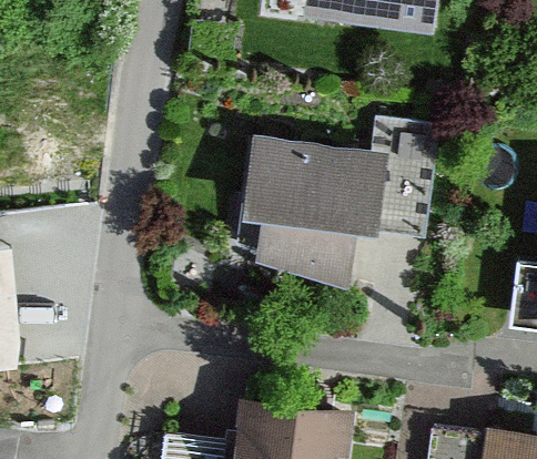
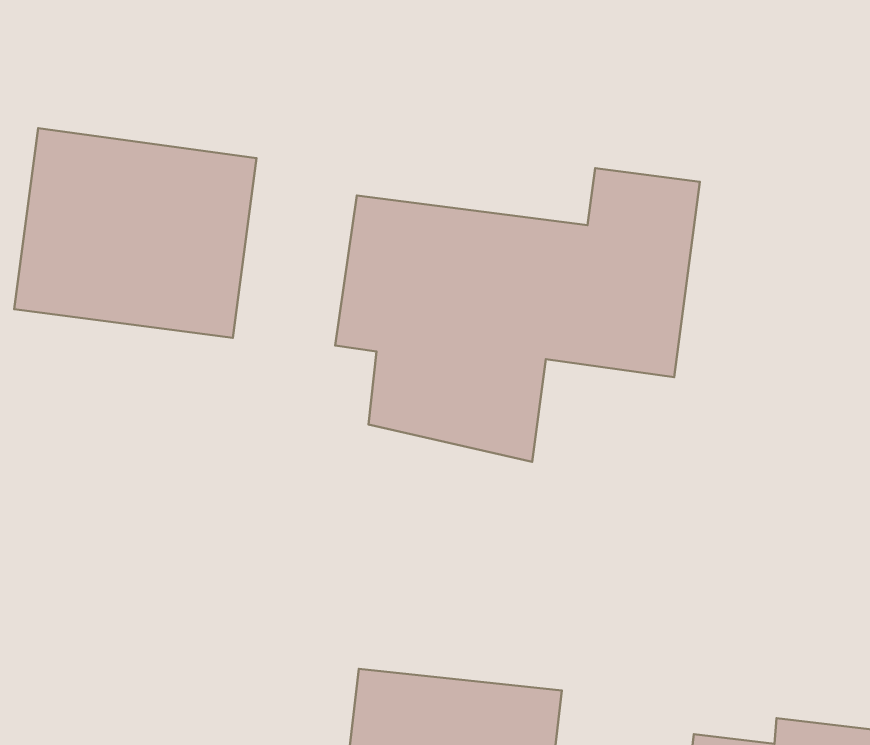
building: none -> [14,128,256,338]

